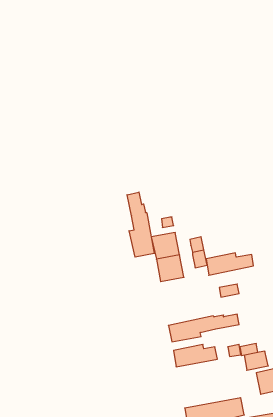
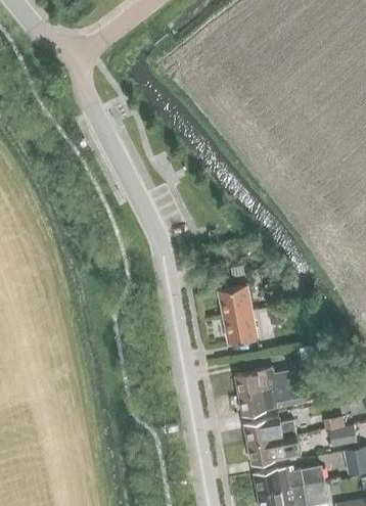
building: [127,192,154,257] -> none
building: [206,253,253,275] -> [235,369,291,396]
building: none -> [247,435,299,464]
building: none -> [254,467,324,494]

